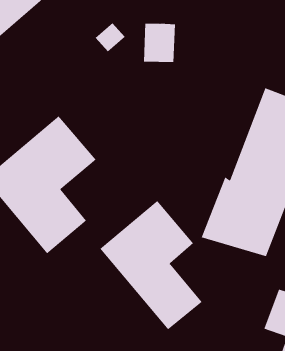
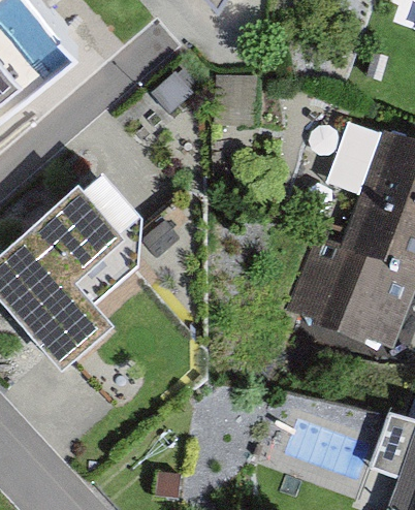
building: [100,200,203,330] -> none

